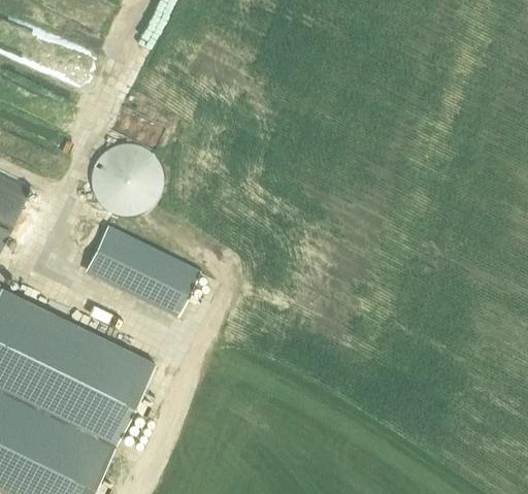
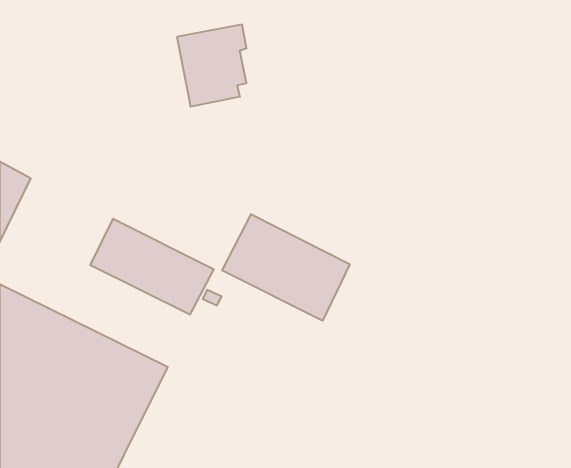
building: [86,138,150,213] -> [177,25,247,107]
building: none -> [222,214,350,321]

